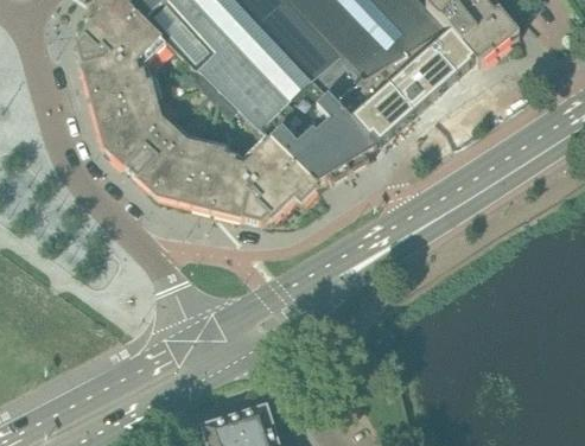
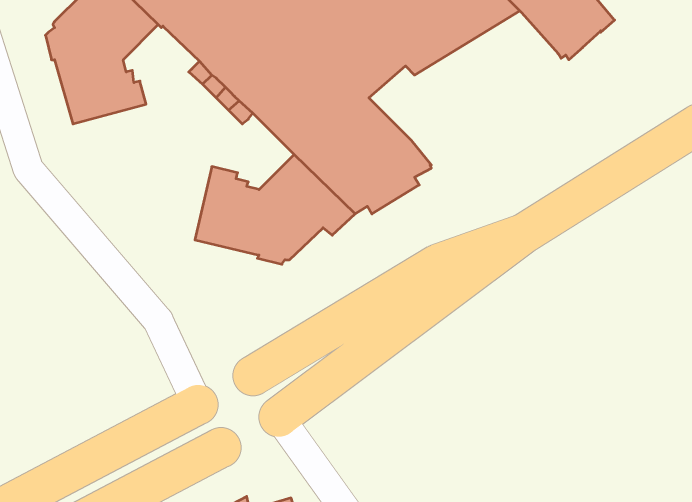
building: [325,25,472,145] -> none
building: [95,97,203,203] -> none

